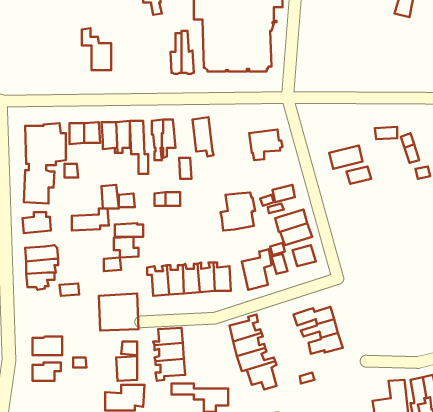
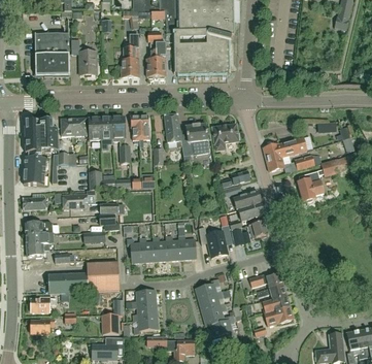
building: none -> [35,33,70,75]
building: none -> [122,34,139,77]
building: none -> [263,143,284,171]
building: none -> [298,160,340,202]
building: [221,192,255,231] -> [181,124,210,156]
building: none -> [48,272,88,293]
building: none -> [263,306,294,326]

